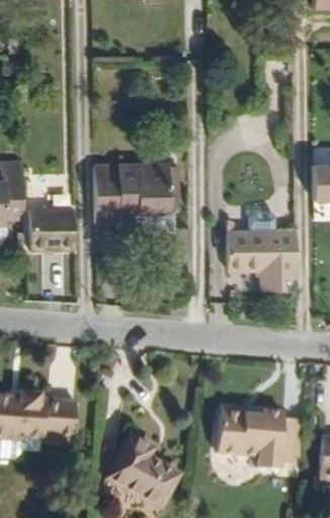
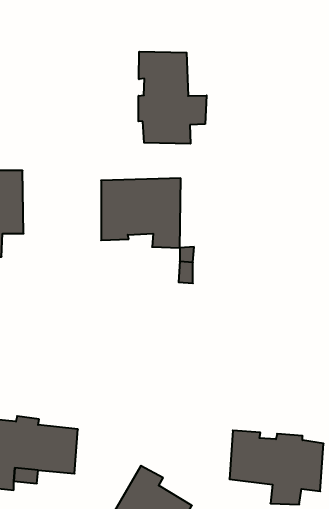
building: none -> [138,52,207,144]
building: [32,204,74,245] -> none
building: [231,210,298,293] -> none

